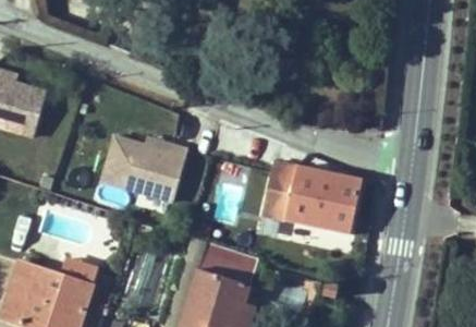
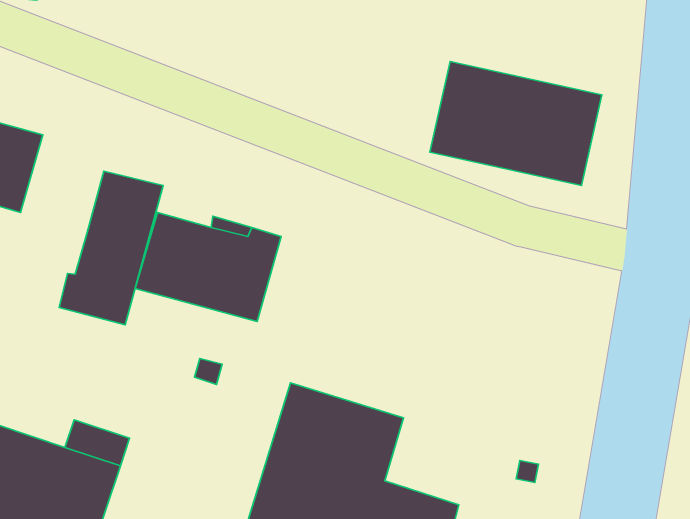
building: none -> [59,171,163,325]
building: [261,160,363,233] -> [430,62,602,186]

